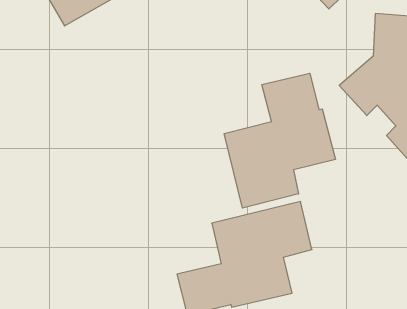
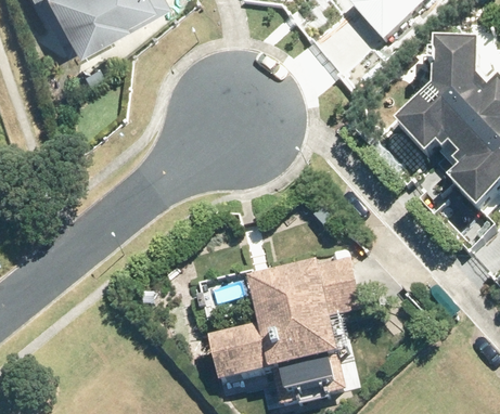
building: [224,73,335,208] -> none

